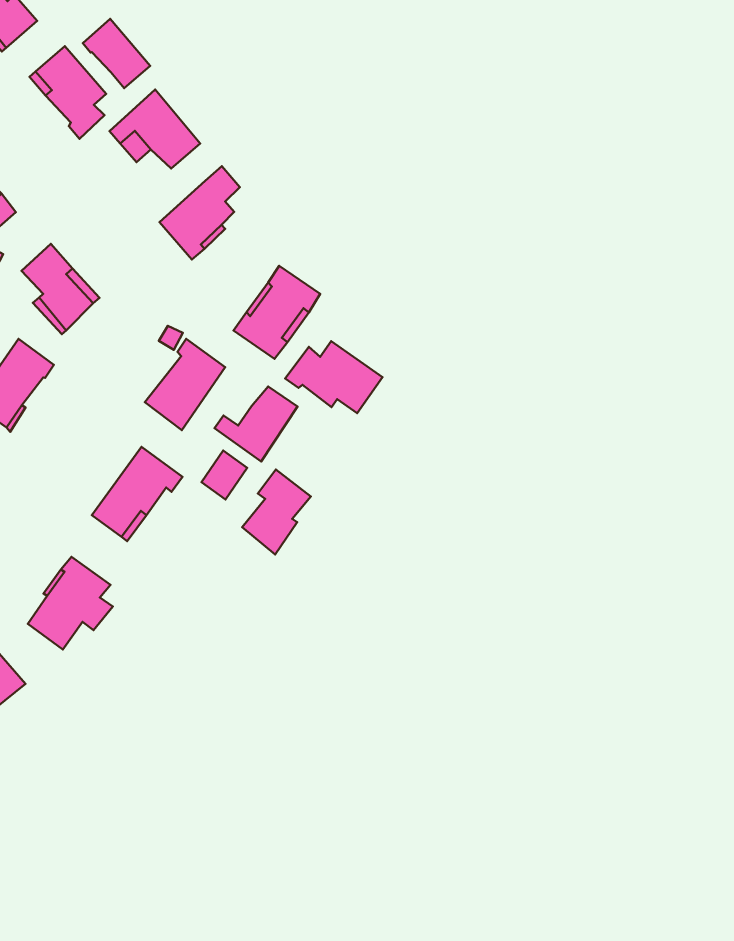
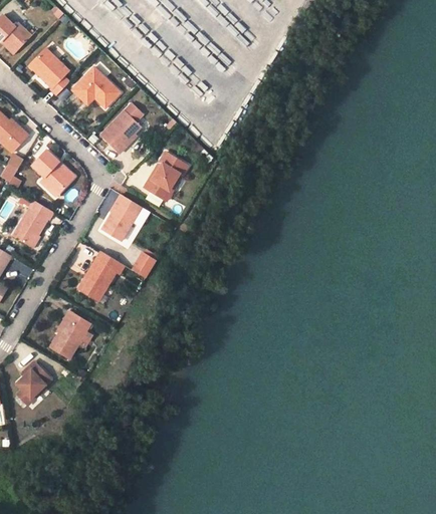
building: [83,19,150,88] -> none
building: [285,341,382,413] -> none
building: [215,386,297,462] -> none
building: [242,469,311,554] -> none

